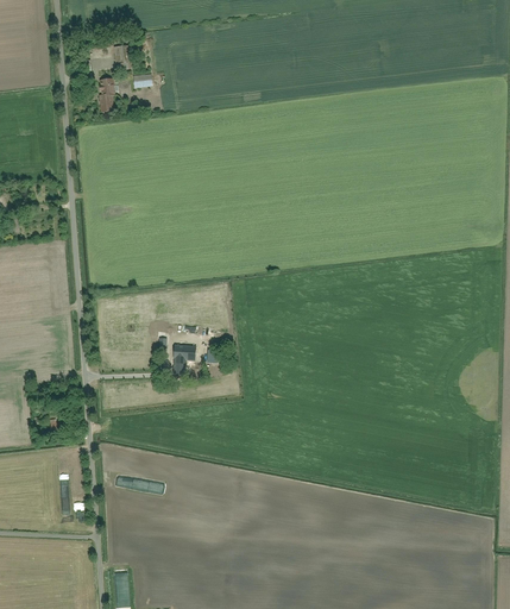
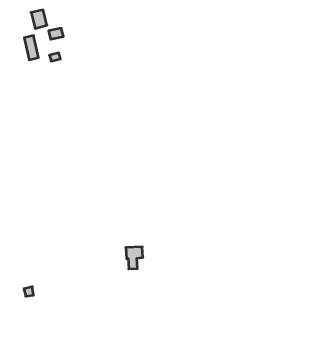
building: [171,343,195,373] -> [126,247,143,269]

